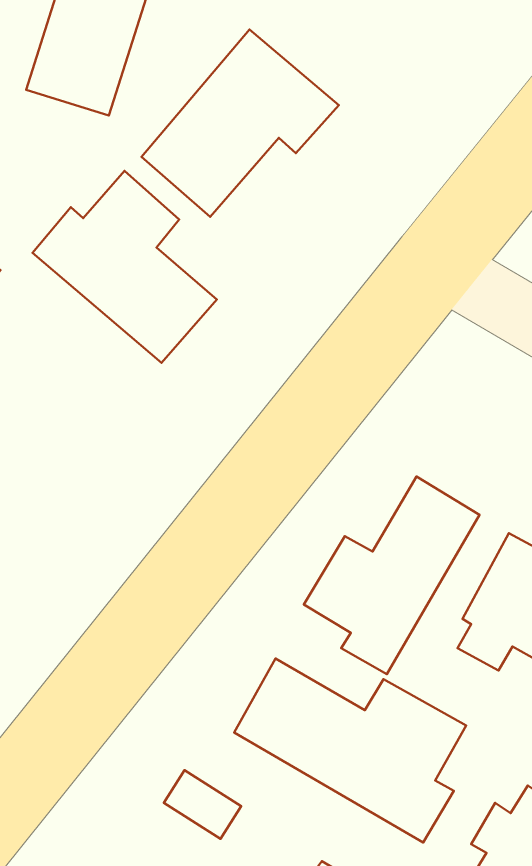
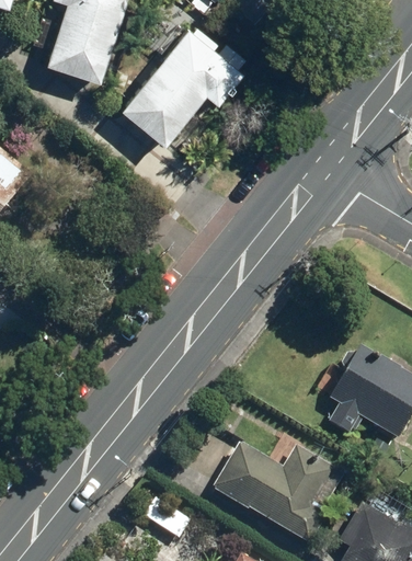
building: [33,171,217,363] -> none
building: [304,477,480,674] -> none

